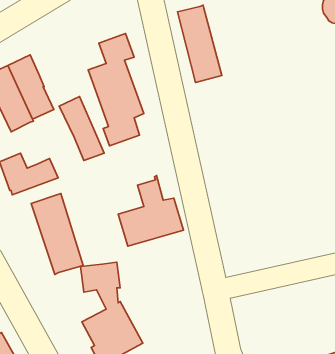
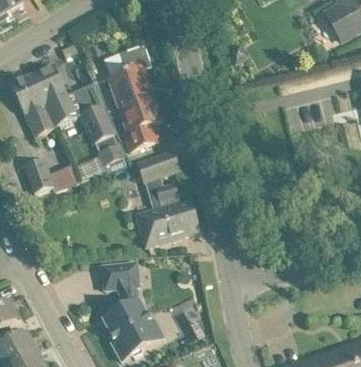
building: [178,5,222,83] -> none
building: none -> [138,151,178,180]
building: [31,194,83,274] -> none

